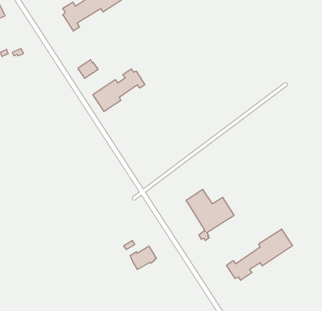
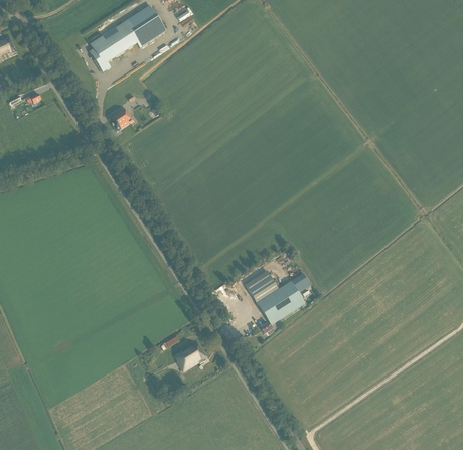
building: [93,69,145,111] -> none
building: [227,229,292,280] -> none

